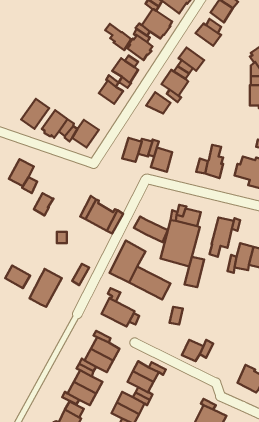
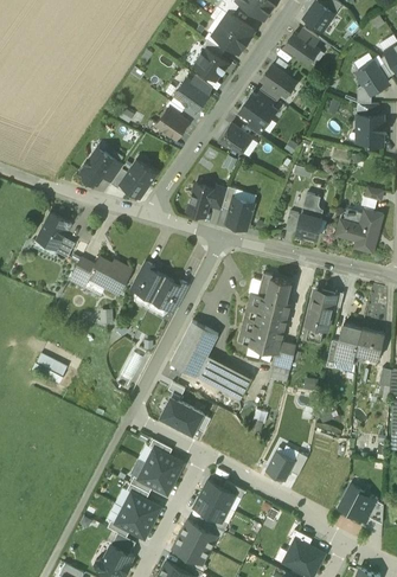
building: [105,24,131,50] -> none
building: [21,99,49,129] -> none
building: none -> [88,257,130,295]
building: [134,216,168,242] -> none
building: [29,269,62,307] -> none

